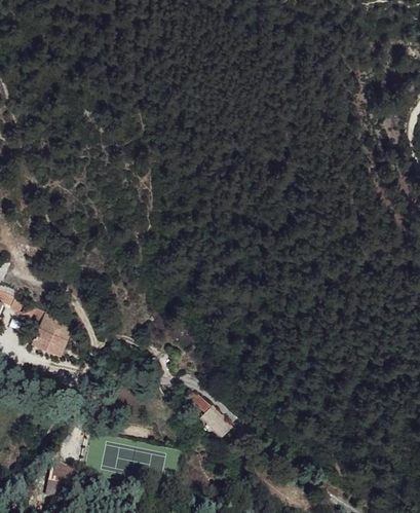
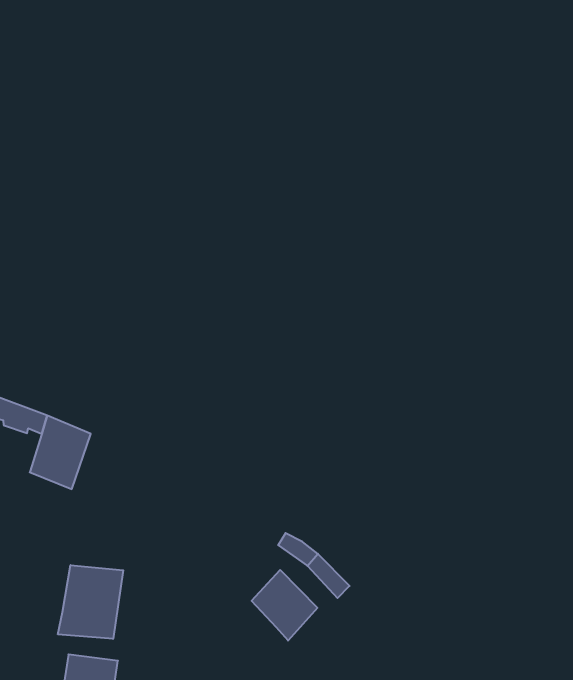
building: none -> [58,565,123,639]
building: none -> [252,570,317,641]

